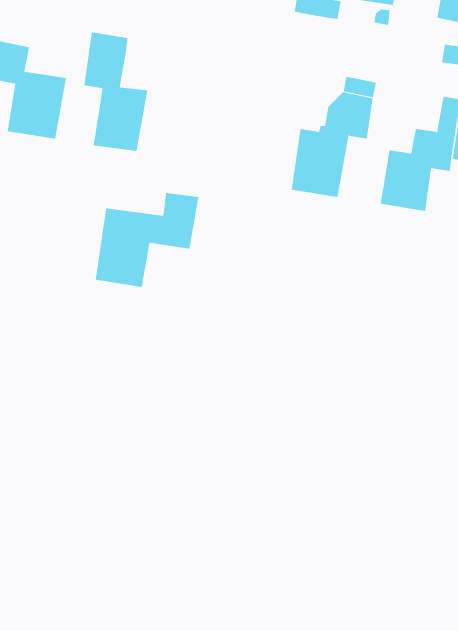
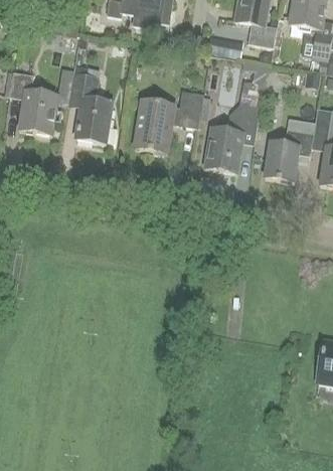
building: [95,192,199,288] -> [135,90,203,152]

